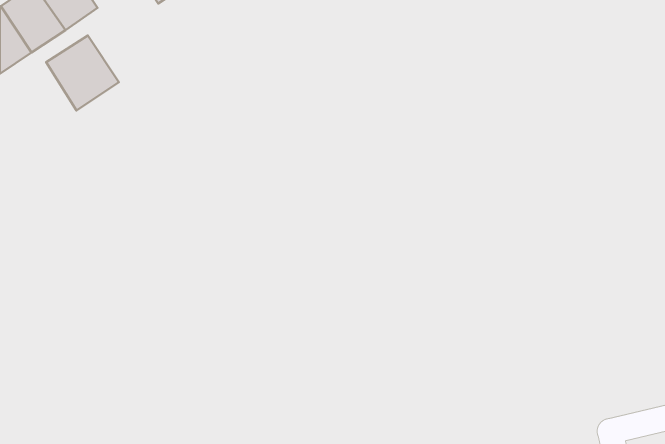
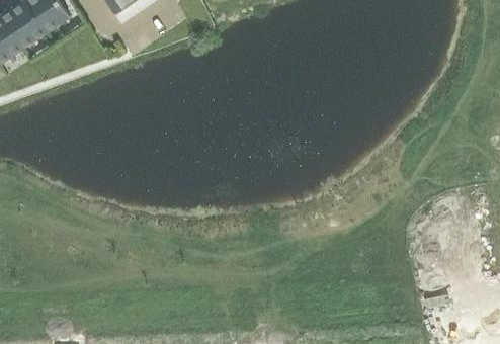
building: [46,35,119,111] -> none

